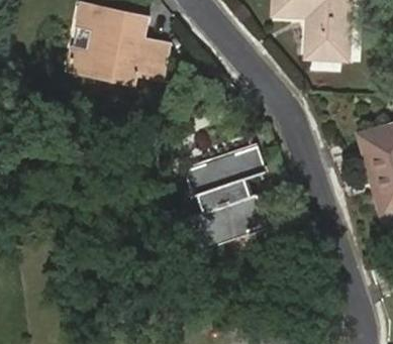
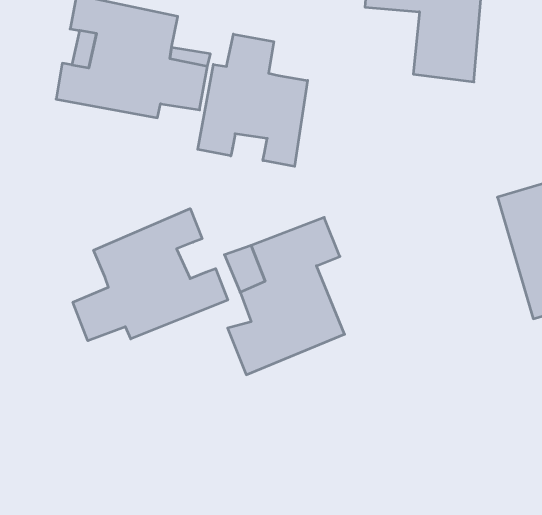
building: none -> [198,34,308,166]
building: none -> [73,209,228,341]

